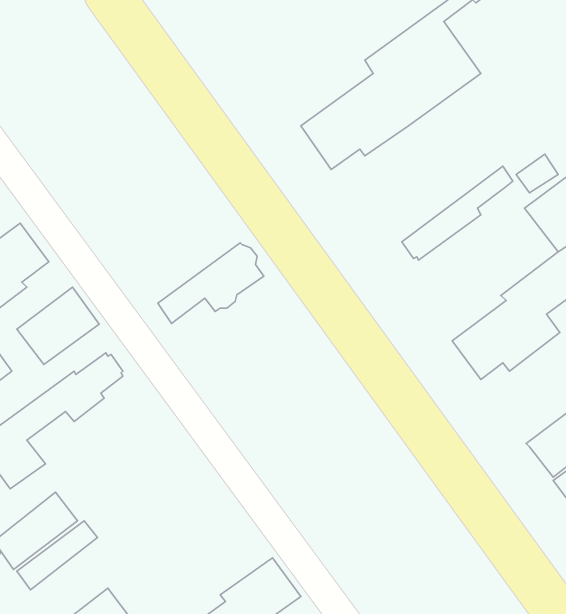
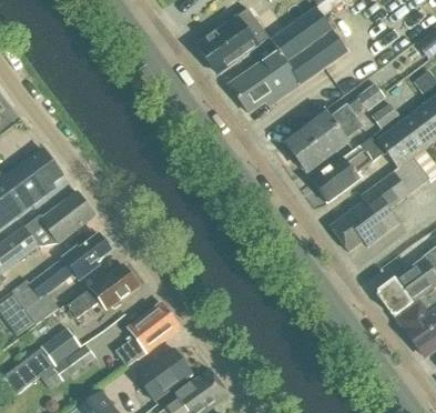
building: none -> [199,8,260,72]
building: none -> [286,83,385,160]
building: none -> [312,137,384,202]
building: [158,243,264,323] -> [68,264,138,318]
building: none -> [115,301,180,365]
building: none -> [136,347,192,400]

